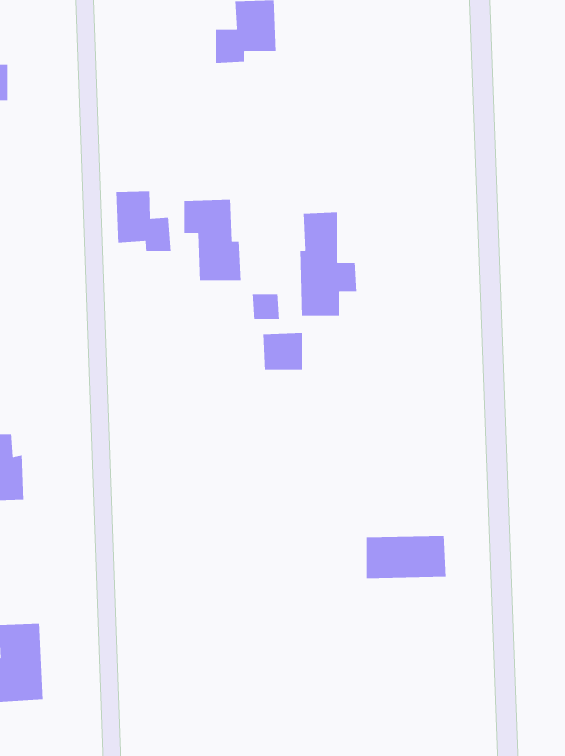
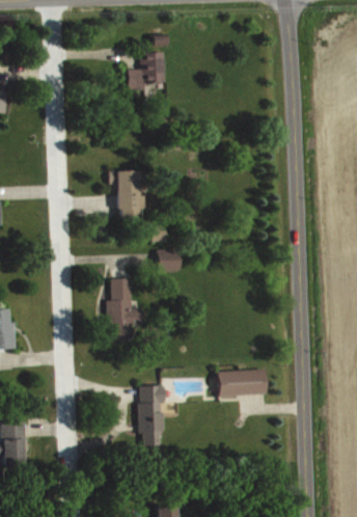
building: [115,190,171,252] -> none
building: [299,211,357,317] -> [109,278,143,341]
building: none -> [138,386,162,445]

